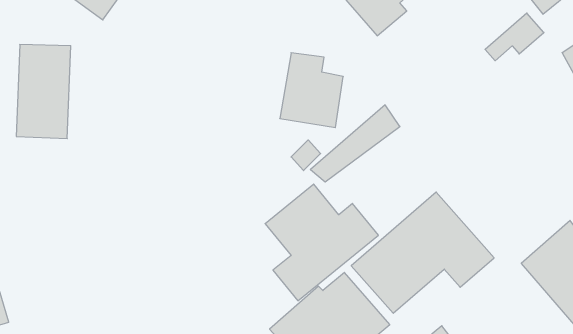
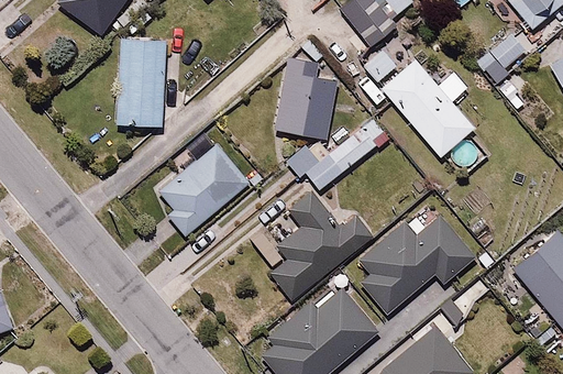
building: none -> [362,36,475,157]
building: [16,45,71,139] -> [117,34,169,125]
building: none -> [156,130,253,241]

